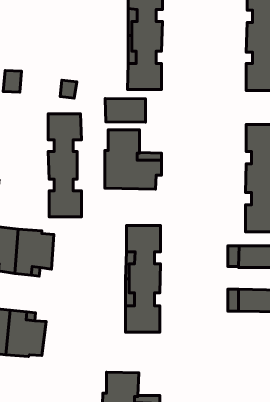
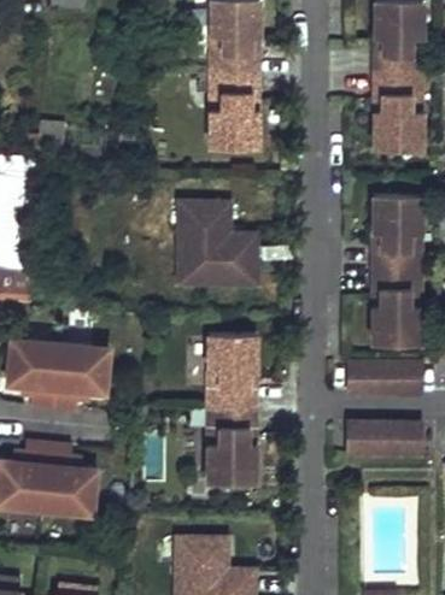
building: [105,99,146,122] -> none
building: [48,114,81,217] -> none

